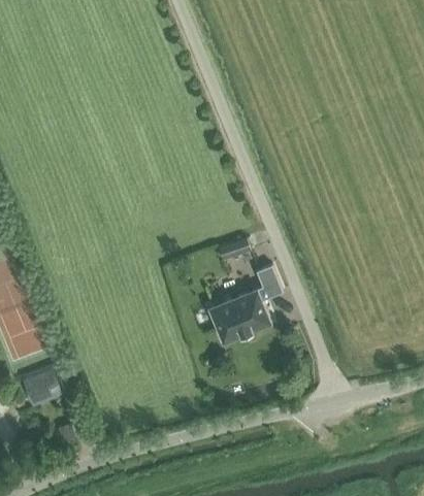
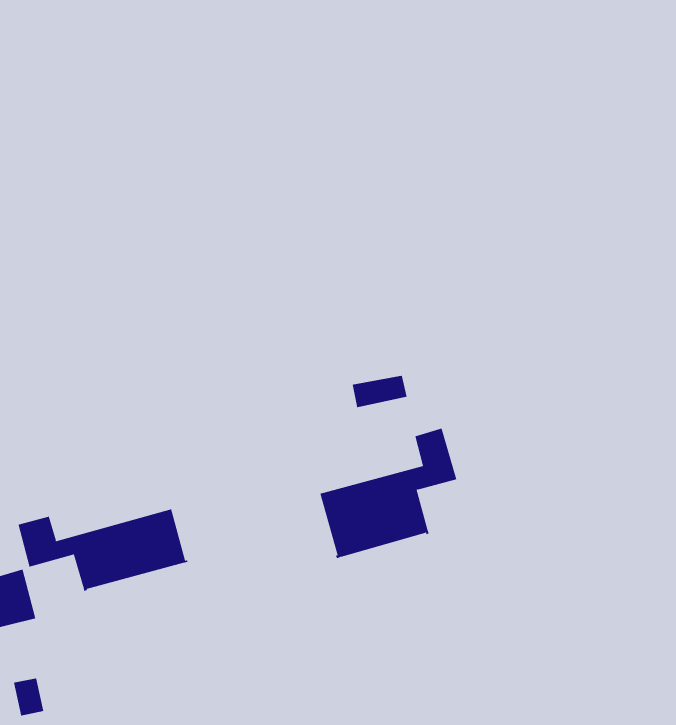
building: none -> [18,508,188,592]

